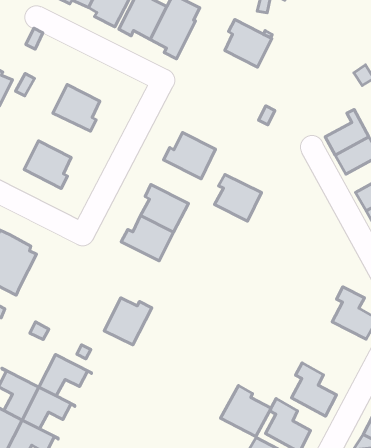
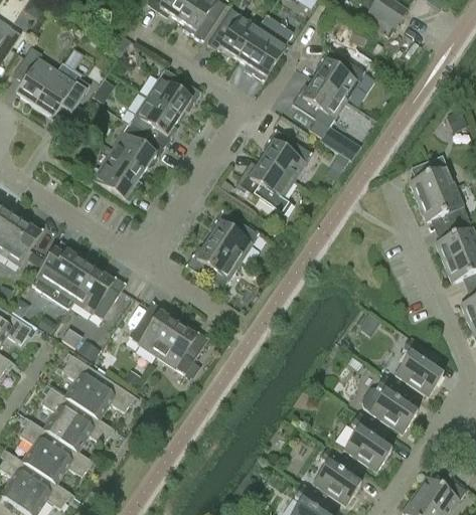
building: none -> [291,78,346,128]
building: none -> [146,67,201,117]
building: none -> [110,124,165,172]
building: [215,174,262,221] -> [261,129,311,180]
building: none -> [73,269,126,320]
building: none -> [128,301,177,356]
building: none -> [360,375,417,434]
building: none -> [60,352,103,407]
building: [221,385,271,437] -> none

